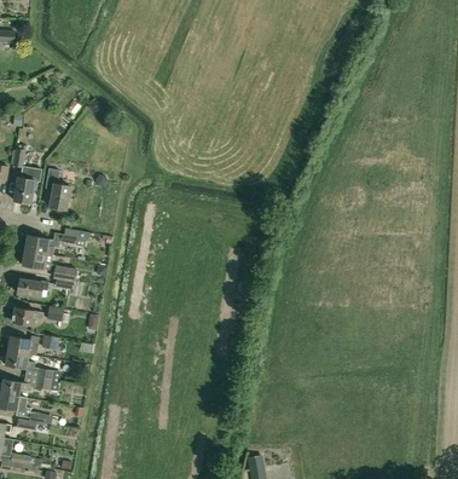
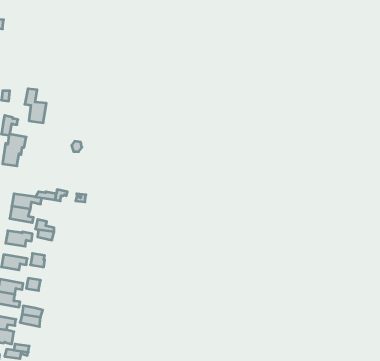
building: [45,168,70,208] -> [25,89,46,123]

